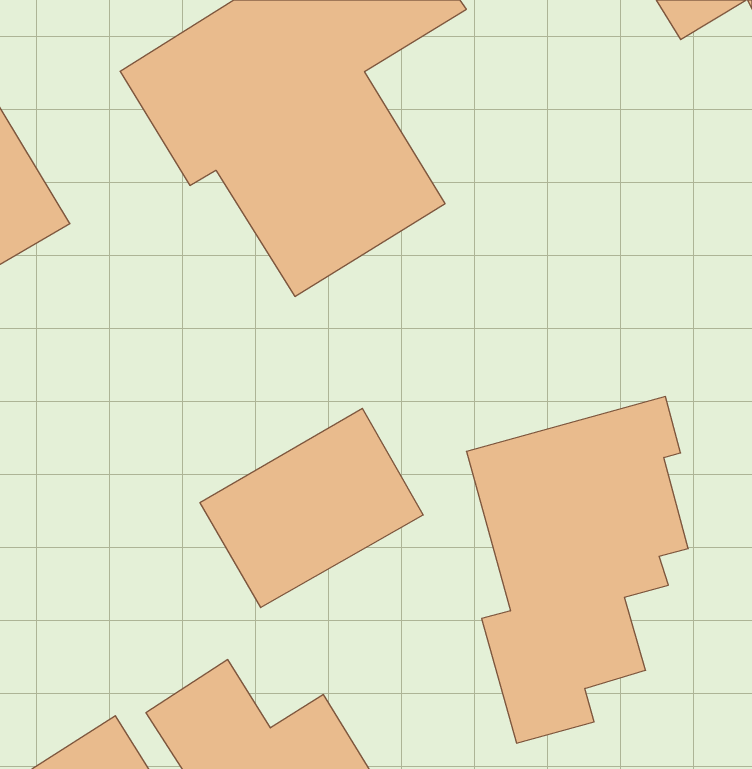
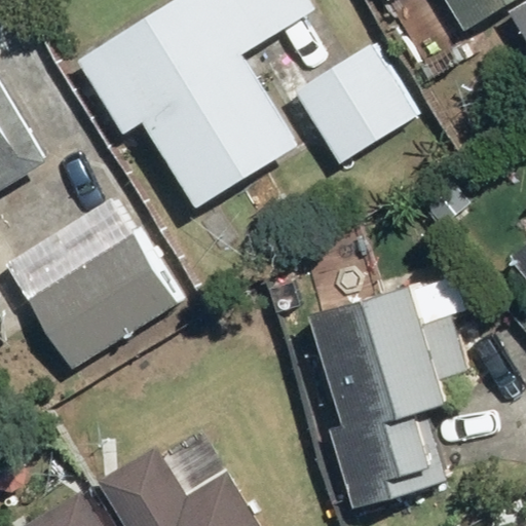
building: none -> [295,45,416,162]
building: [200,408,423,608] -> [27,231,178,366]

